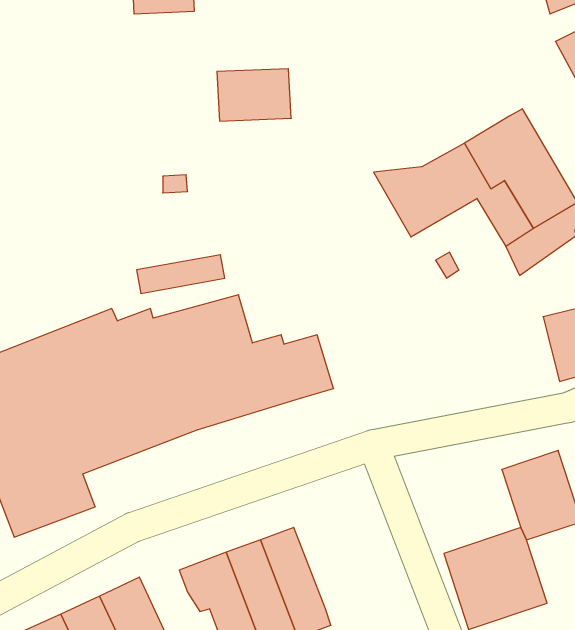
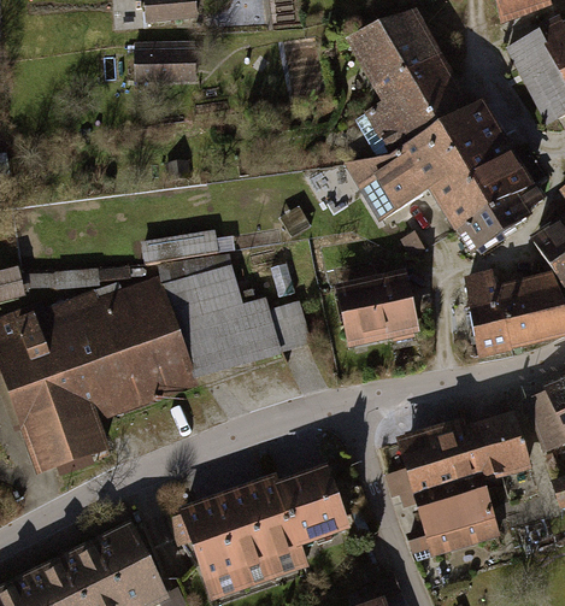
building: none -> [354,14,469,157]
building: [217,69,291,121] -> [130,40,195,86]
building: none -> [469,275,512,353]
building: none -> [329,276,416,354]
building: none -> [388,420,478,499]
building: none -> [284,469,347,542]

